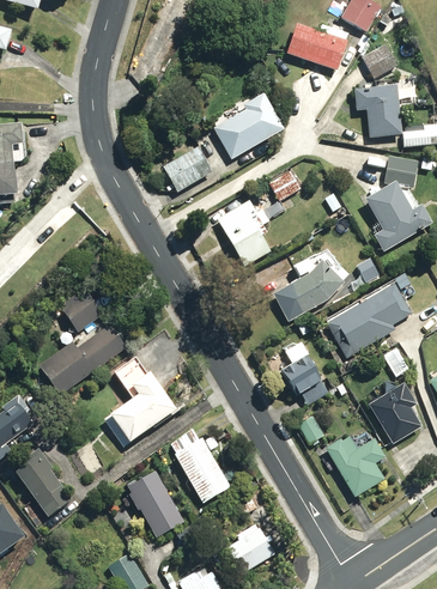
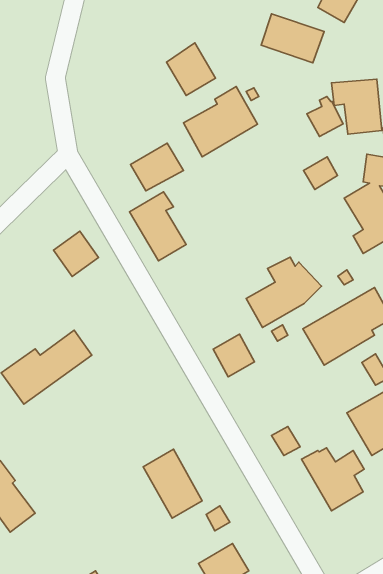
building: [362,38,396,77] -> [307,96,343,137]
building: none -> [166,43,216,95]
building: [268,169,301,200] -> [303,157,337,189]
building: [217,199,271,265] -> [129,192,186,261]
building: [59,287,102,330] -> [53,231,99,276]
building: [283,353,322,394] -> [213,334,255,377]
building: [103,356,175,447] -> none
building: [127,472,183,536] -> none

